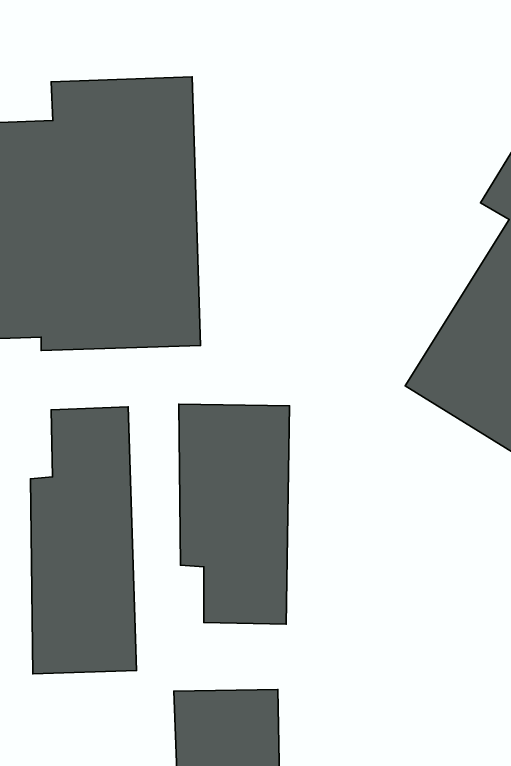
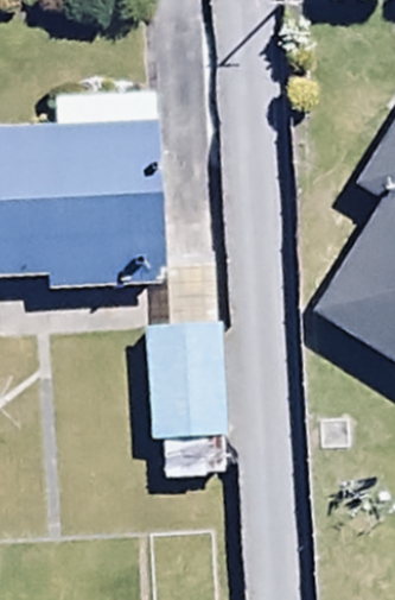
building: [31,407,136,674] -> none

